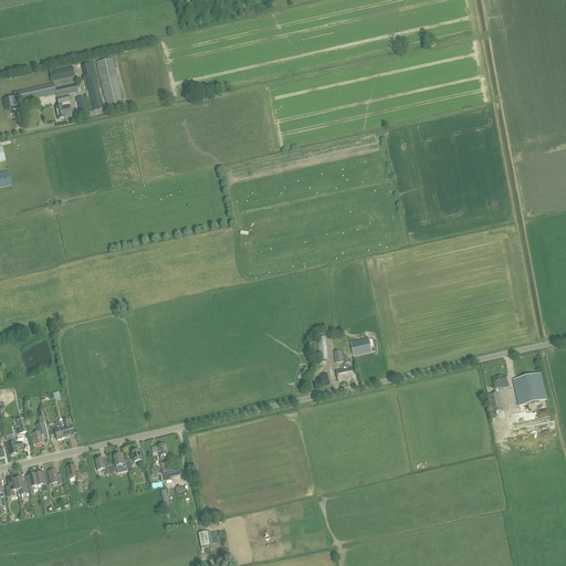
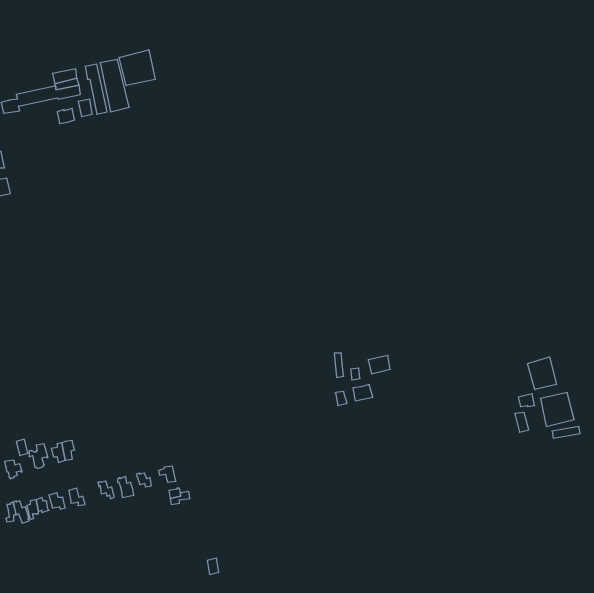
building: none -> [119,50,155,86]
building: none -> [528,357,556,390]

